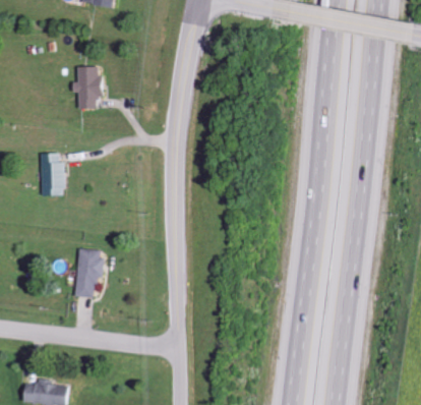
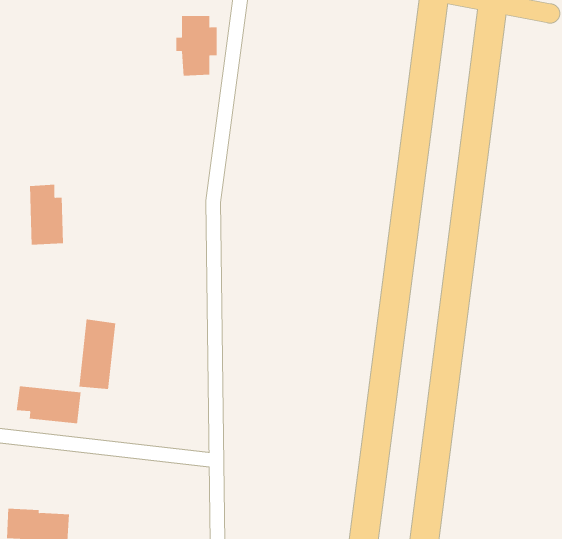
building: [73,67,103,110] -> [175,15,217,76]
building: none -> [16,386,81,424]

